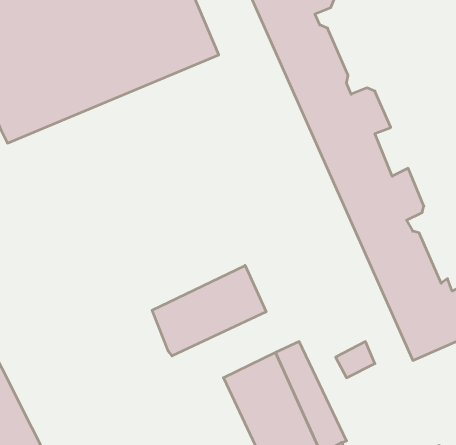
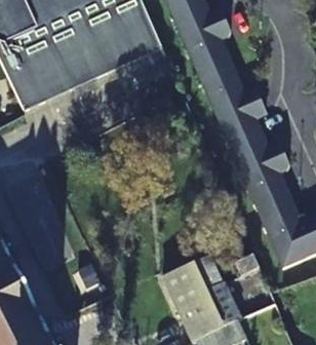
building: [152,265,266,356] -> none

